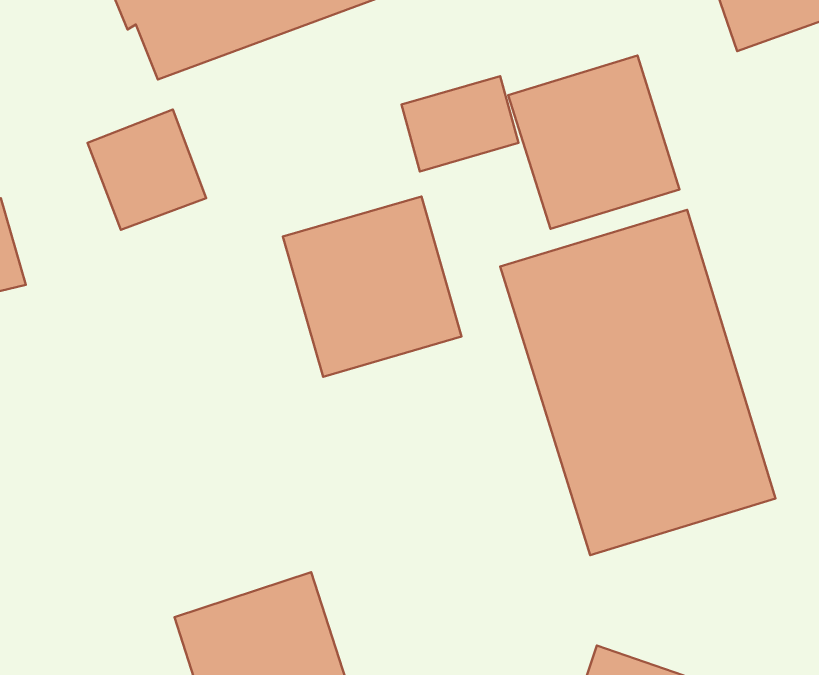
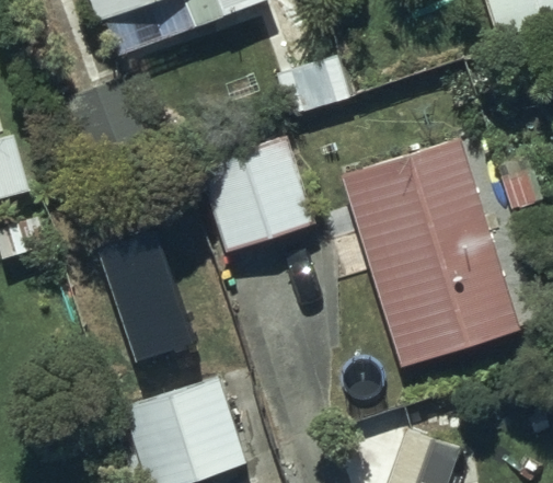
building: [508,55,680,229] -> none
building: none -> [104,229,203,359]

